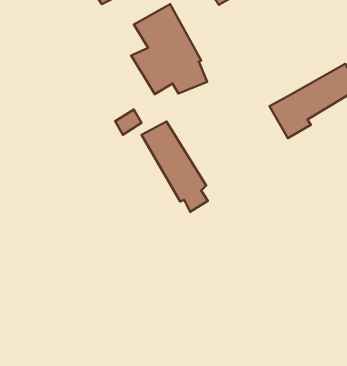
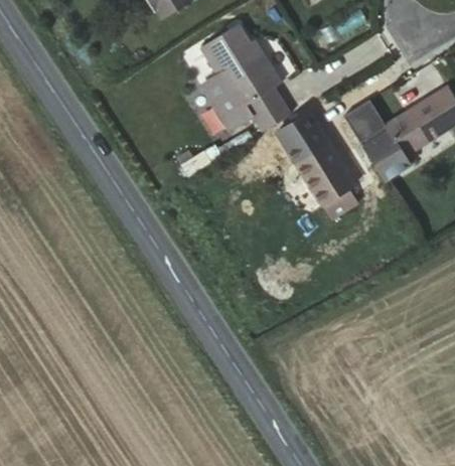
building: none -> [344,99,386,141]
building: [141,121,208,212] -> [281,112,360,219]

